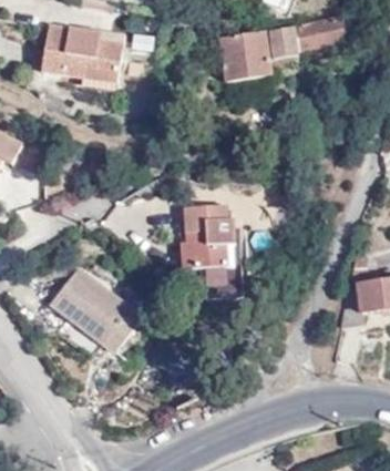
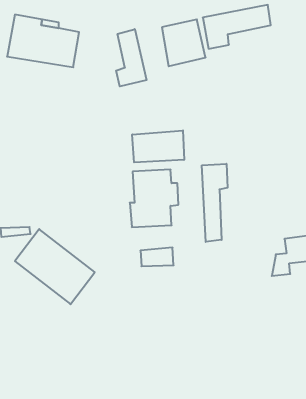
building: none -> [116,29,147,86]
building: none -> [132,130,184,162]
building: none -> [202,164,228,242]

